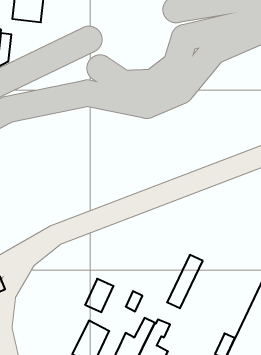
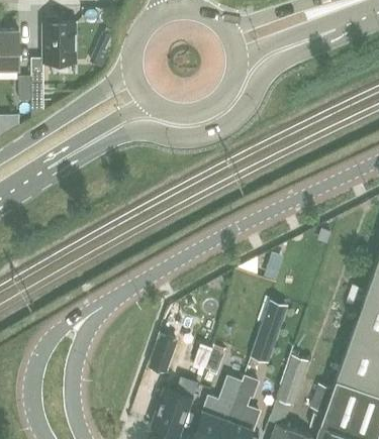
building: none -> [277,354,308,405]

